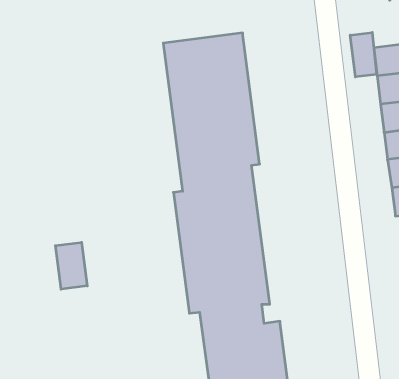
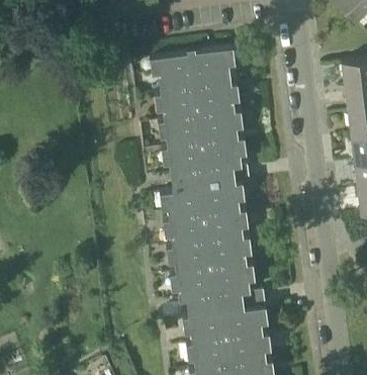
building: [350,32,377,77] -> none
building: [55,242,87,289] -> none

